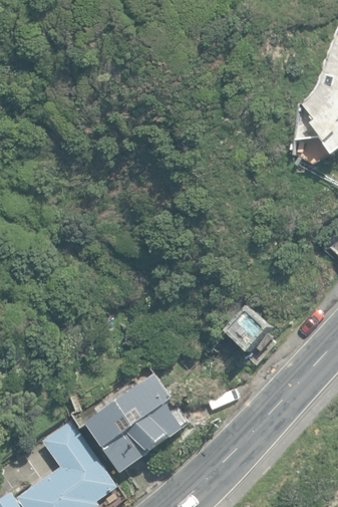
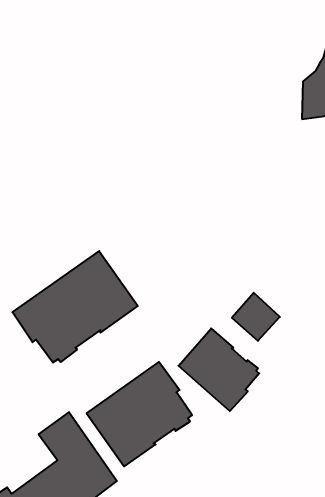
building: none -> [12,251,138,363]
building: none -> [178,328,259,411]

